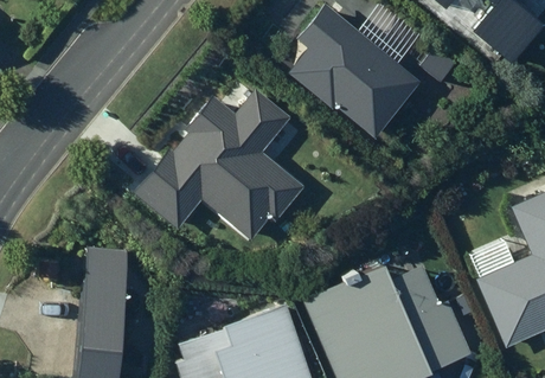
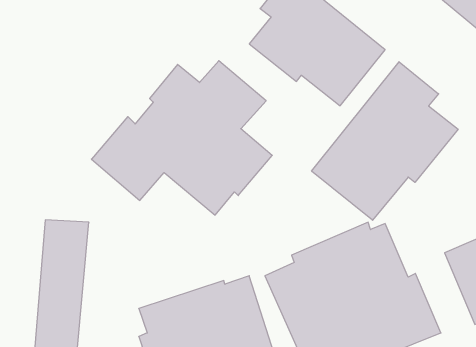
building: none -> [312,62,458,220]

